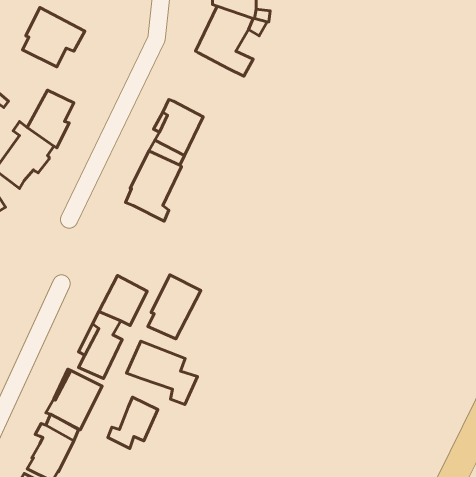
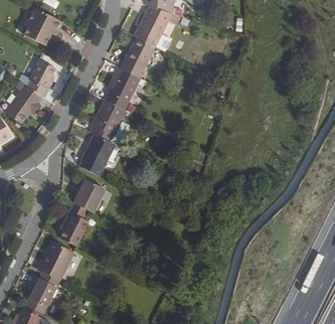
building: none -> [121,36,156,77]
building: [148,275,201,339] -> [80,135,115,176]
building: [127,341,197,404] -> none
building: [108,397,158,449] -> none

